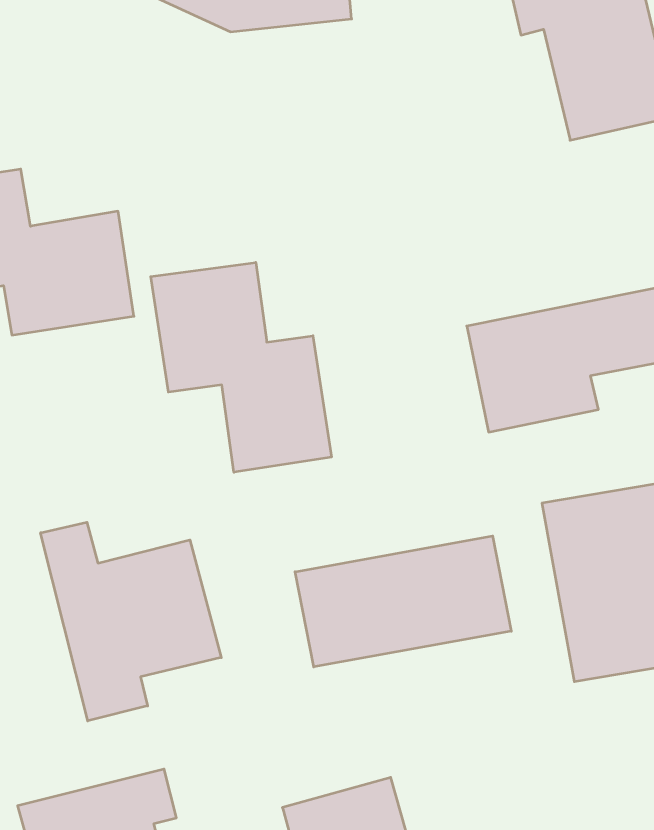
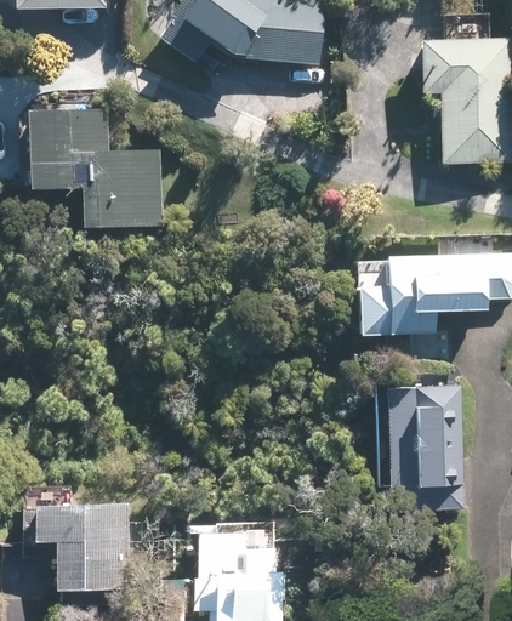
building: [151,262,331,472] -> none
building: [41,522,221,721] -> none
building: [295,536,511,667] -> none

